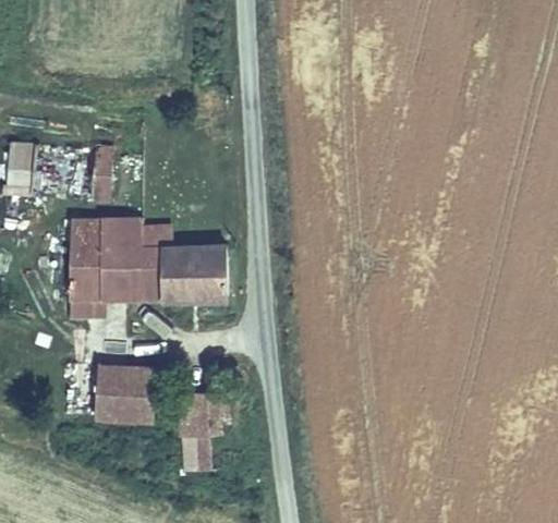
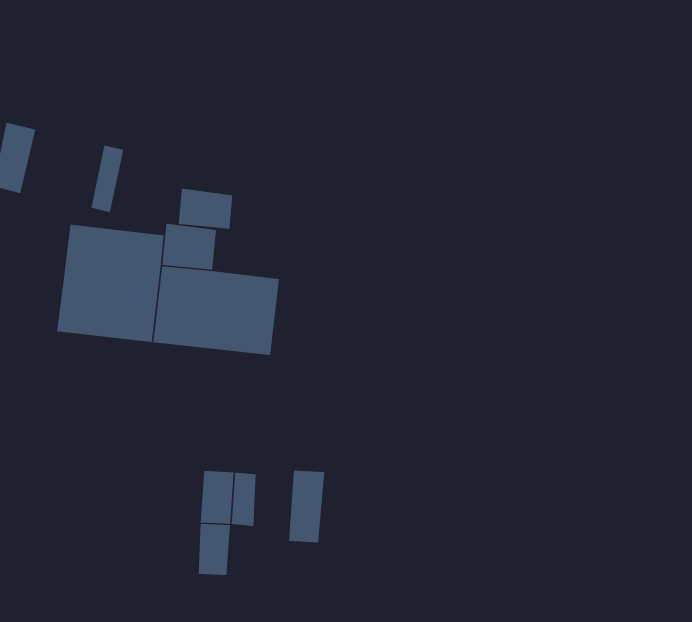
building: none -> [178,188,233,230]
building: [96,367,150,415] -> none
building: none -> [288,470,325,543]

